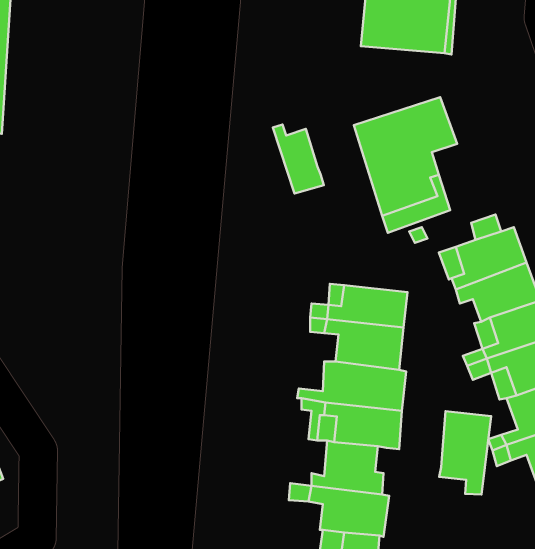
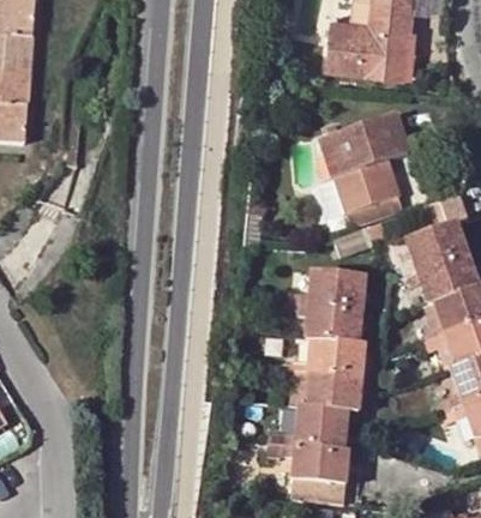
building: [273,124,324,193] -> none
building: [439,411,491,495] -> none

